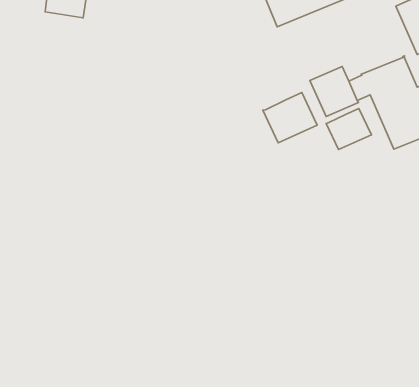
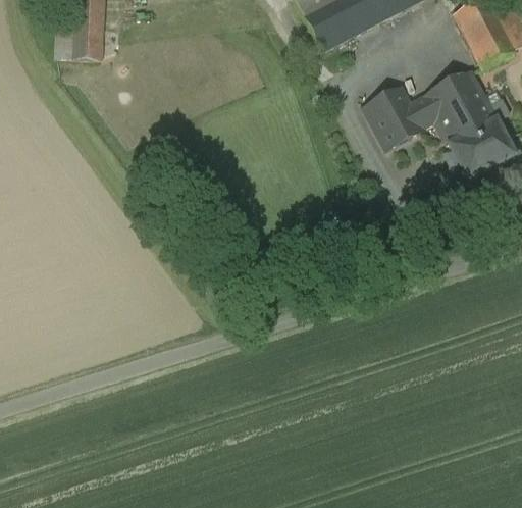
building: [263,92,317,143] -> none
building: [326,108,371,150] -> none

